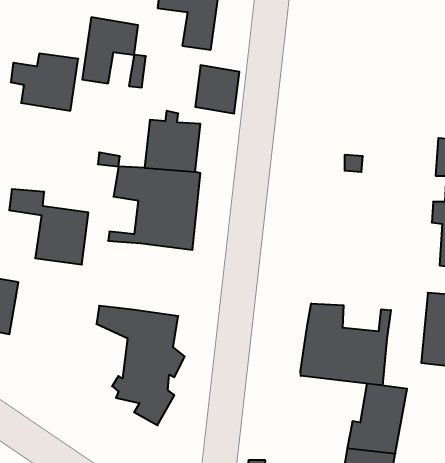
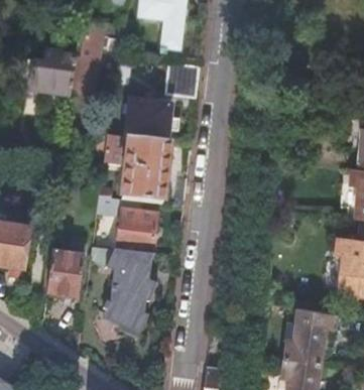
building: [9,189,88,265] -> [97,198,158,256]
building: [300,303,391,385] -> none
building: none -> [46,252,84,298]

